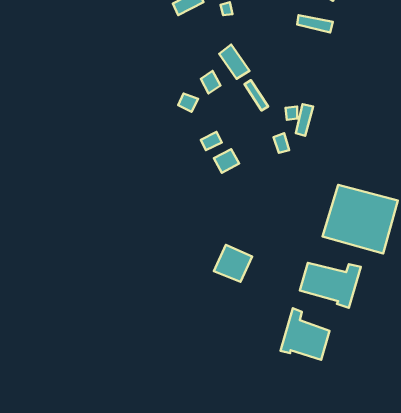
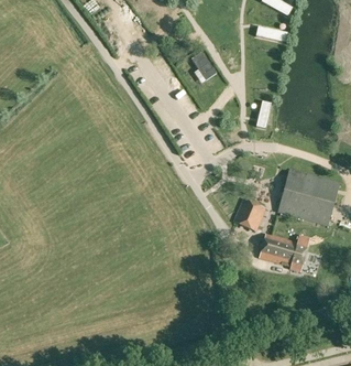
building: [214,245,252,282] -> [233,198,265,229]
building: [280,308,330,360] -> none

